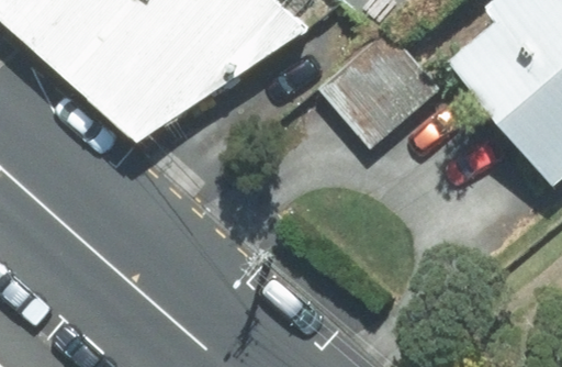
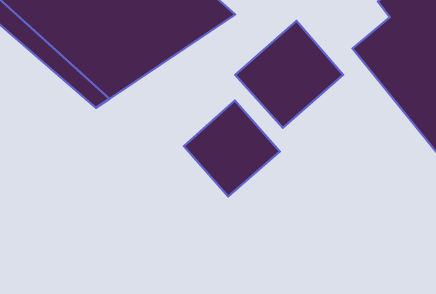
building: none -> [184,100,280,197]

